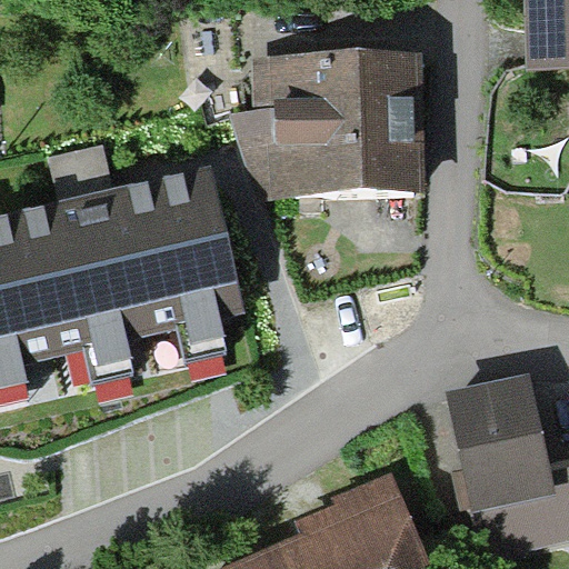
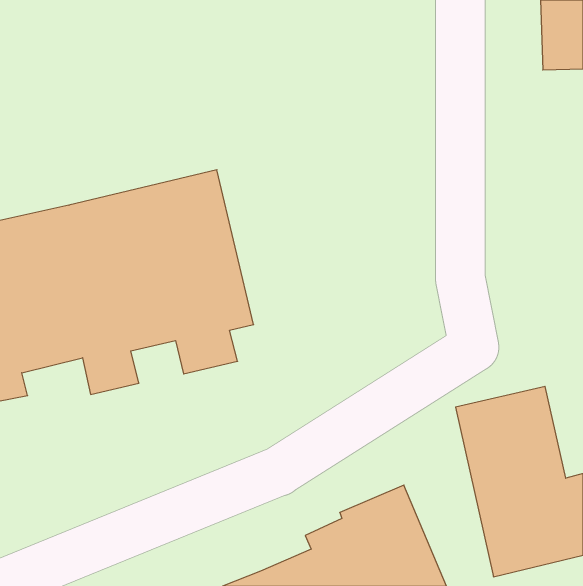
building: [227,53,425,199] -> none

